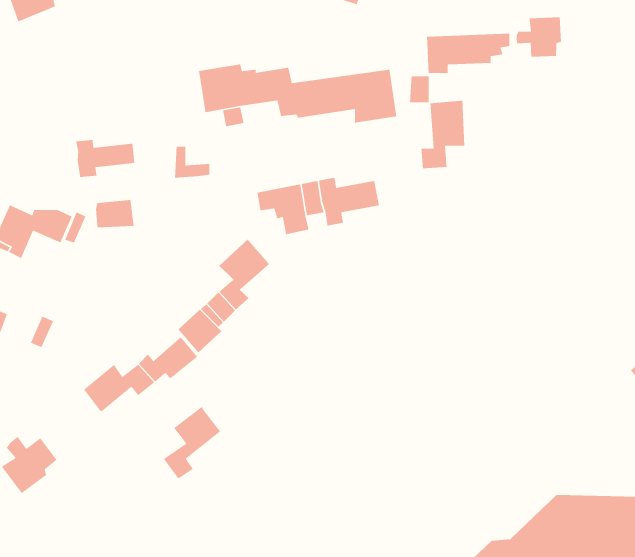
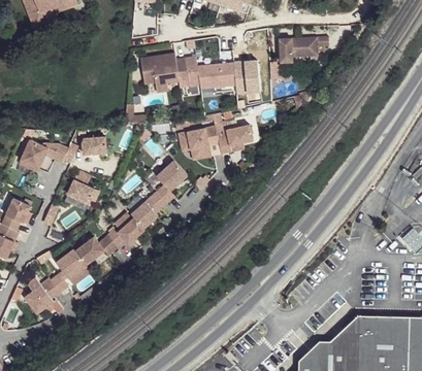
building: [516,17,562,57] -> none
building: [421,100,465,169] -> none
building: [75,139,135,178] -> none
building: none -> [65,179,93,204]
building: [163,406,221,479] -> [48,248,84,293]

